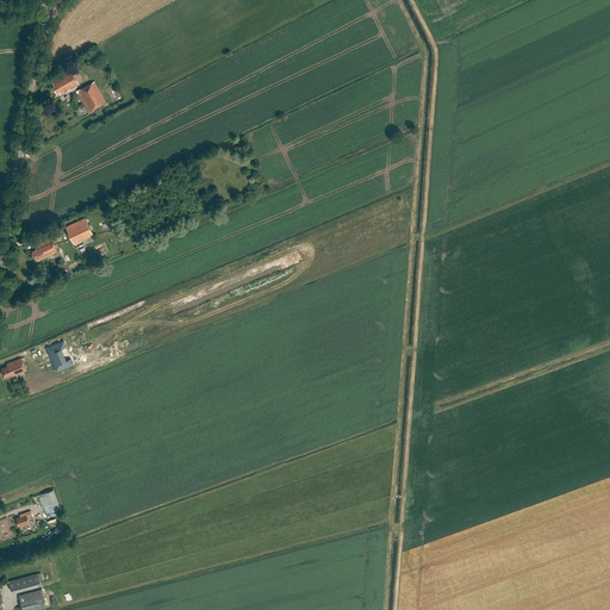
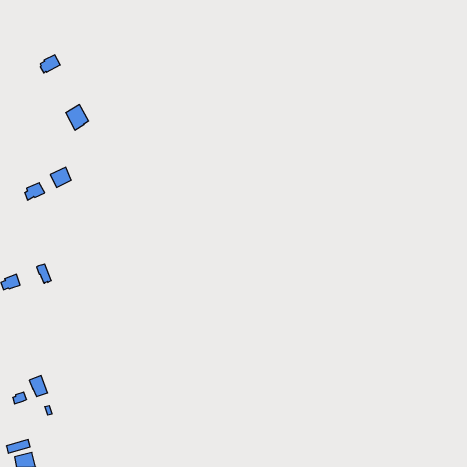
building: [76,81,106,114] -> [66,105,89,130]

